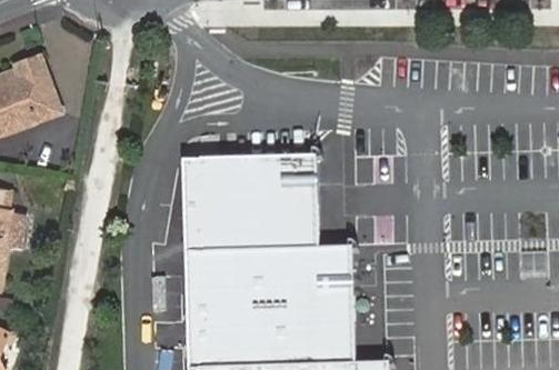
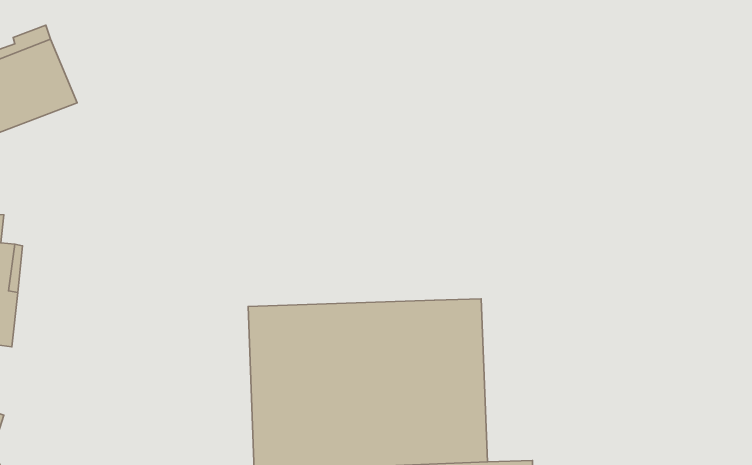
building: [182,157,318,253] -> none

